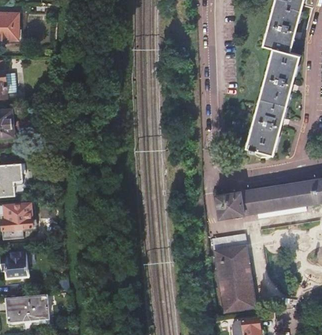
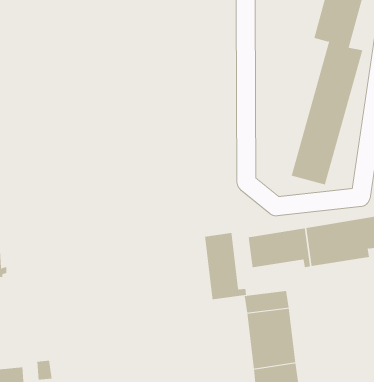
building: none -> [205,232,246,300]

